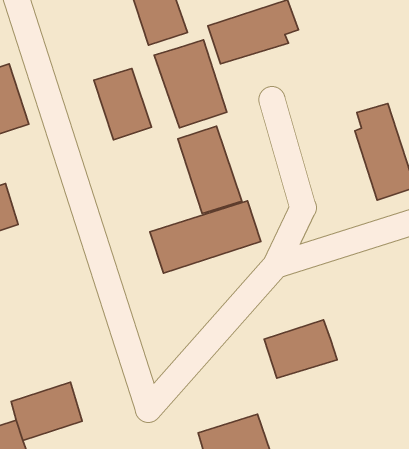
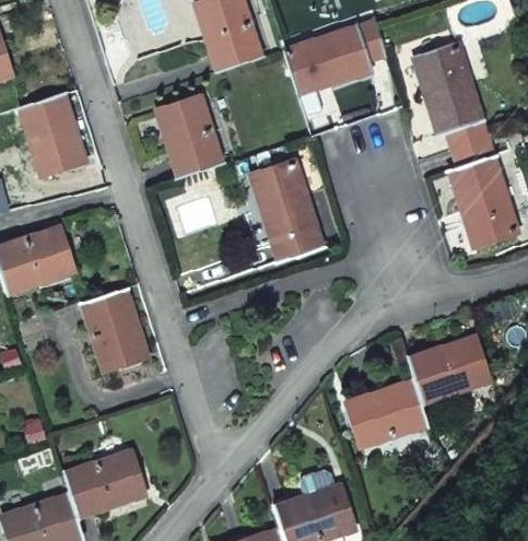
building: none -> [415,45,488,146]
building: [154,40,227,128] -> none
building: [150,201,261,273] -> none
building: none -> [82,287,148,368]
building: none -> [409,336,490,401]

